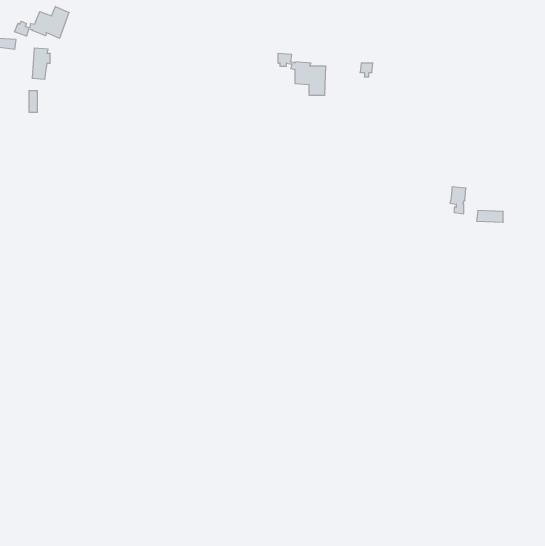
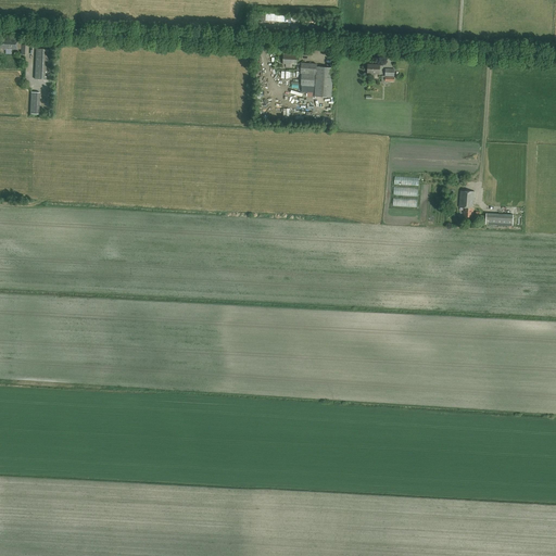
building: [15,6,69,38] -> none

